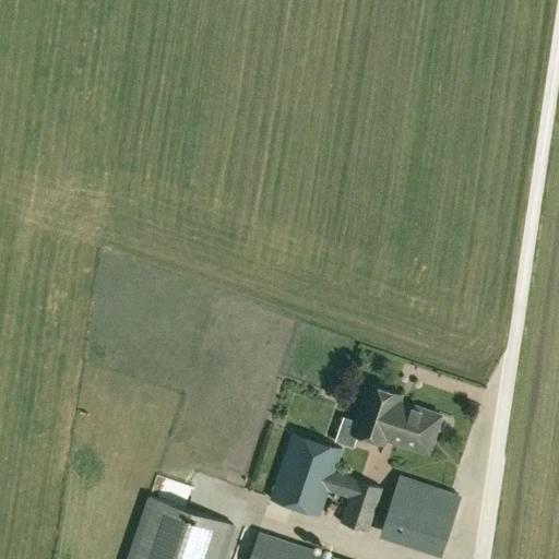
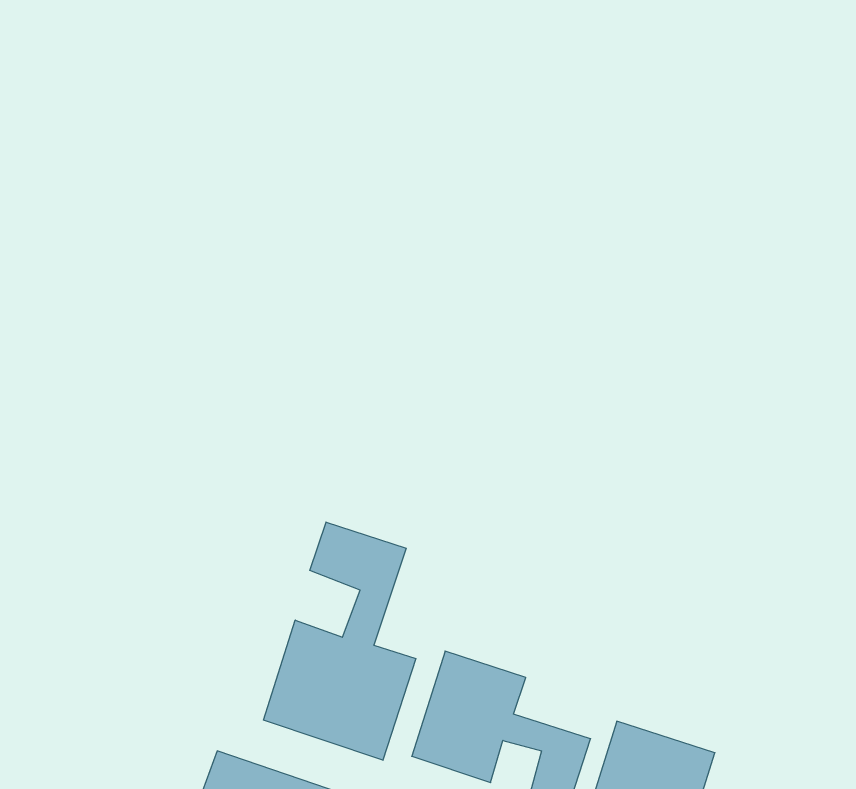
building: none -> [263,522,416,760]
building: [353,386,441,454] -> none

